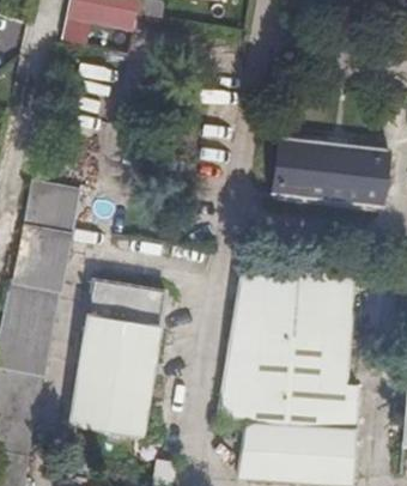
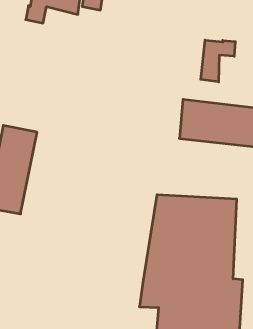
building: none -> [201,40,235,82]
building: [66,279,166,436] -> none

